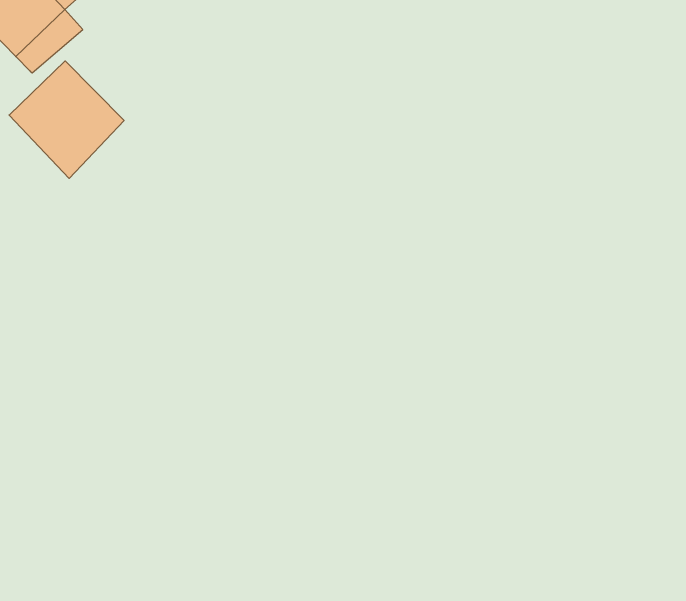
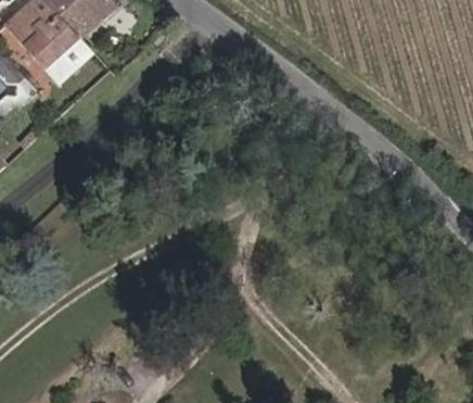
building: [9,61,124,178] -> none

